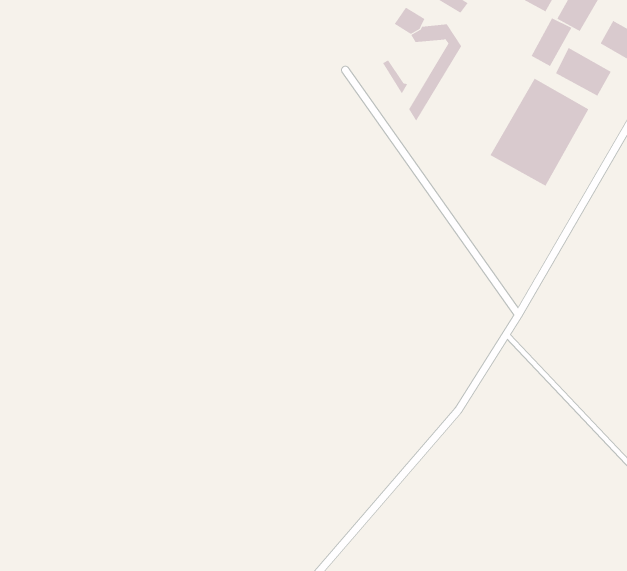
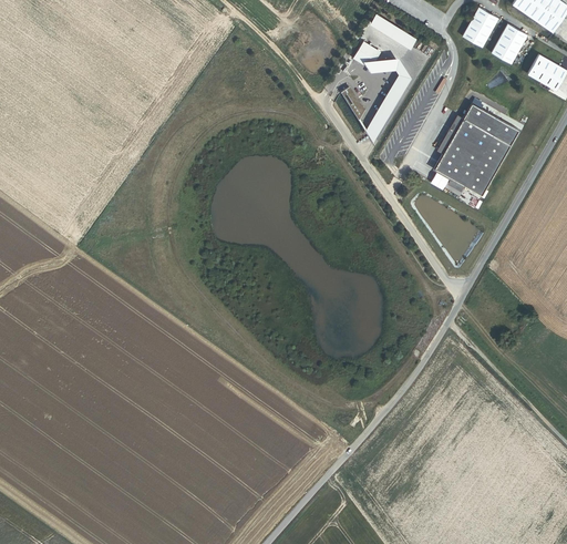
building: [531,18,572,67] -> none
building: [555,47,612,96] -> none

